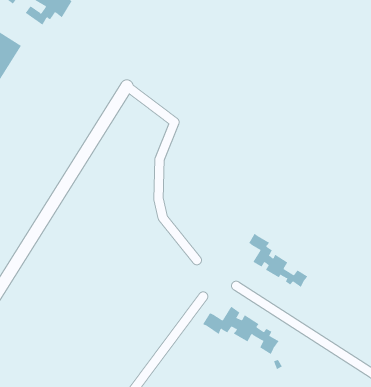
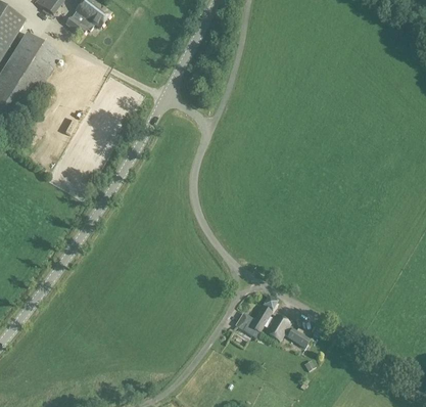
building: [249,233,308,288] -> none

